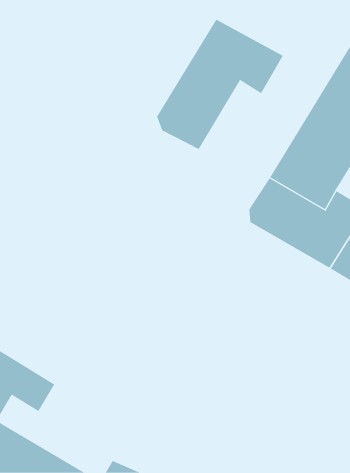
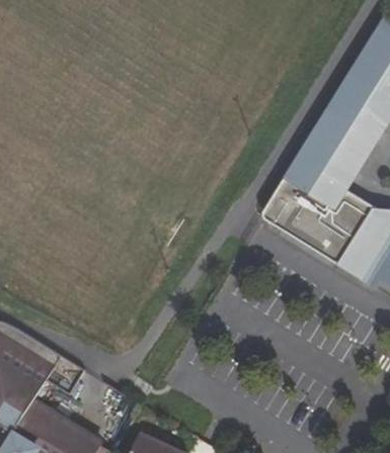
building: [157,19,283,150] -> none

